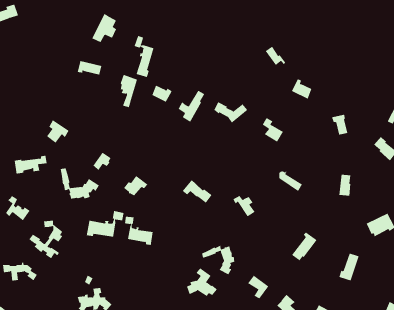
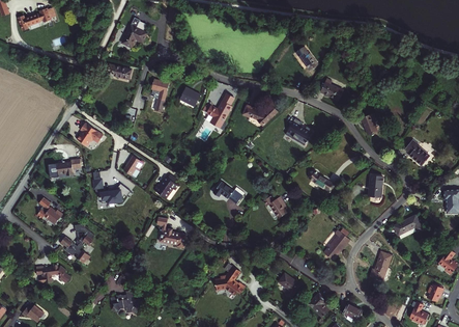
building: [134,35,154,78] -> none
building: [86,210,124,238] -> none
building: [201,245,235,275] -> none

